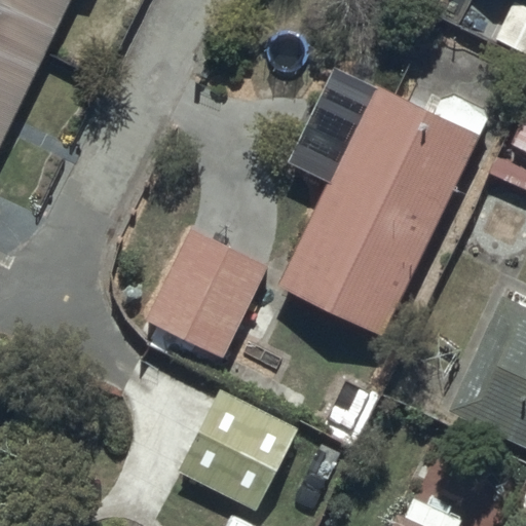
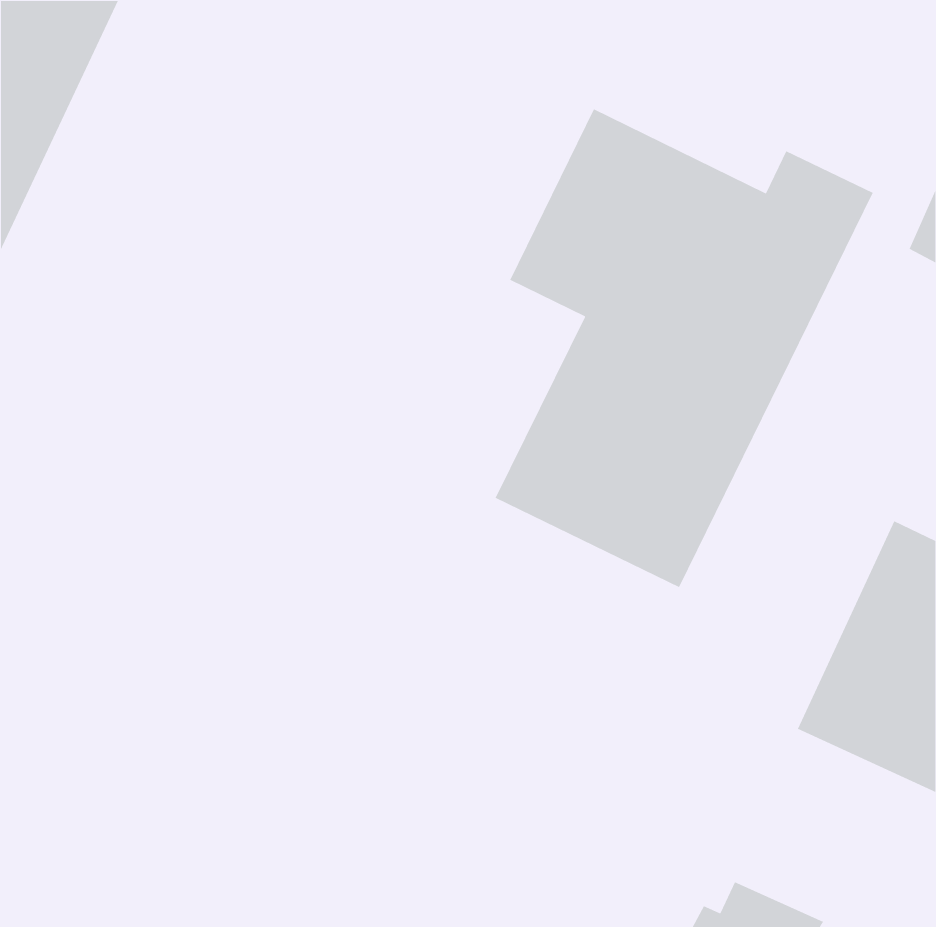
building: [144,229,268,360] -> none
building: [177,389,299,514] -> none

